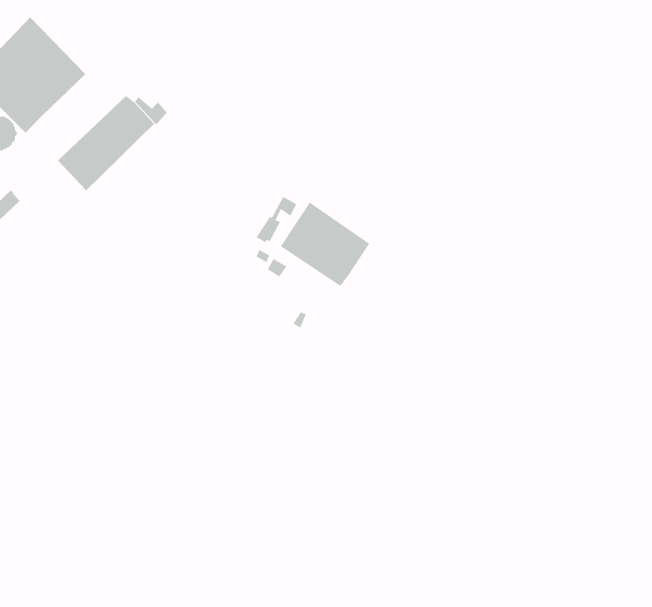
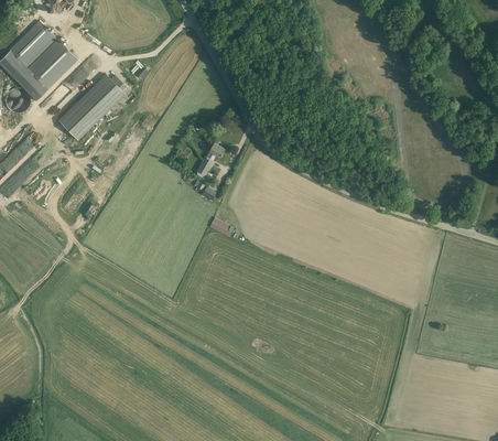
building: [280,201,370,287] -> none

